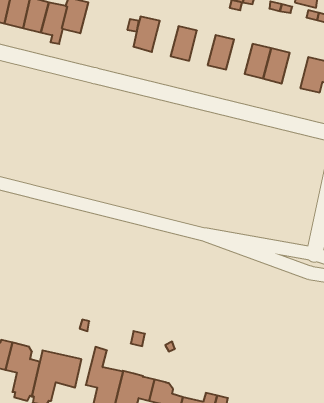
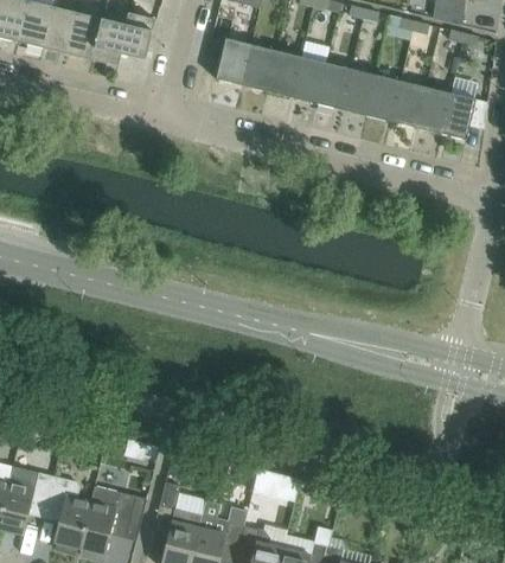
building: none -> [241,44,276,91]
building: none -> [290,57,326,103]
building: none -> [340,69,376,115]
building: none -> [415,87,450,134]

